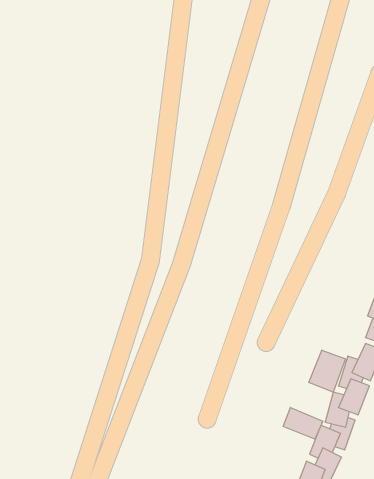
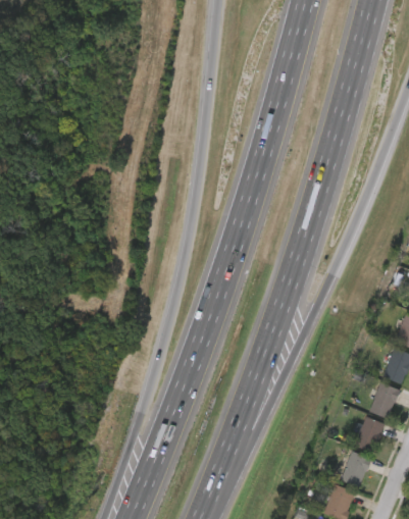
building: [309,350,345,392] -> none
building: [283,407,323,439] -> none

